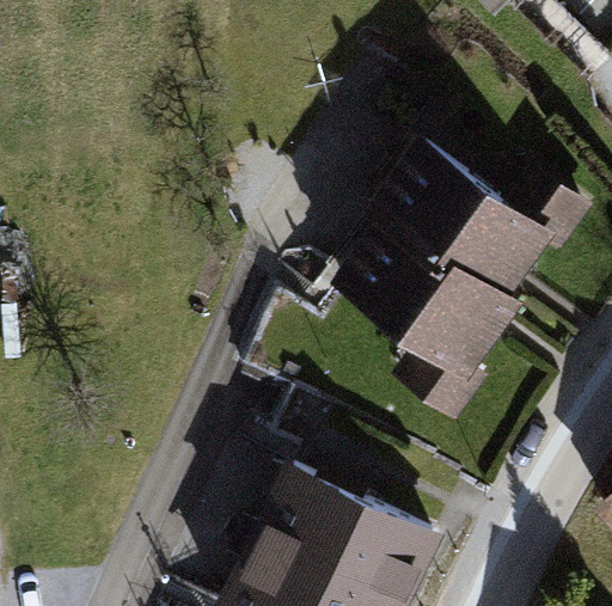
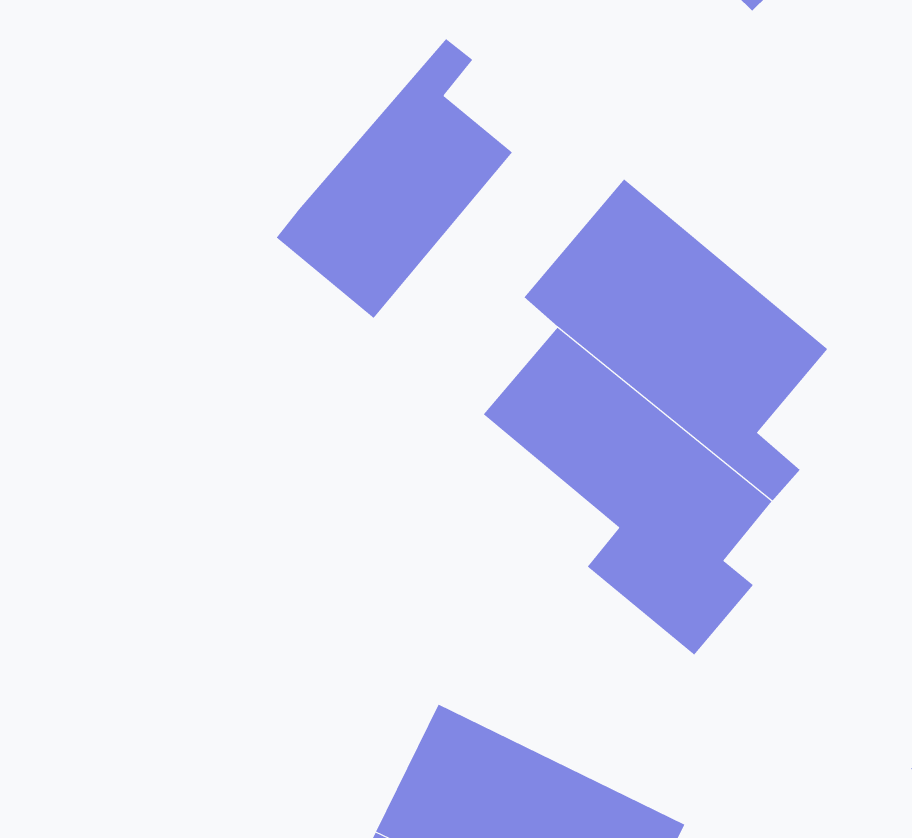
building: none -> [276,38,513,319]

